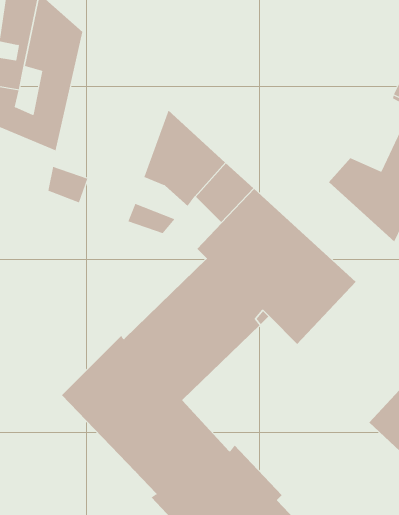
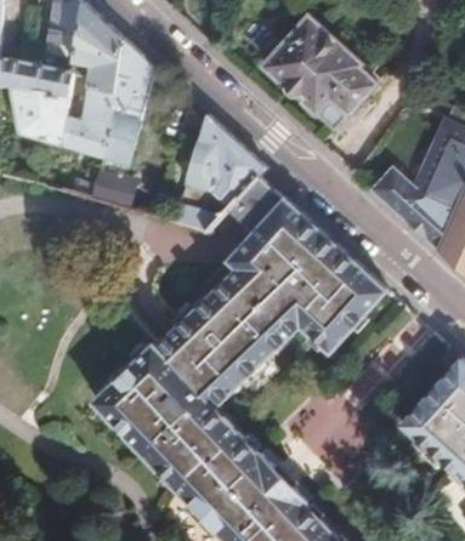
building: none -> [256,19,364,127]
building: none -> [96,40,157,167]

